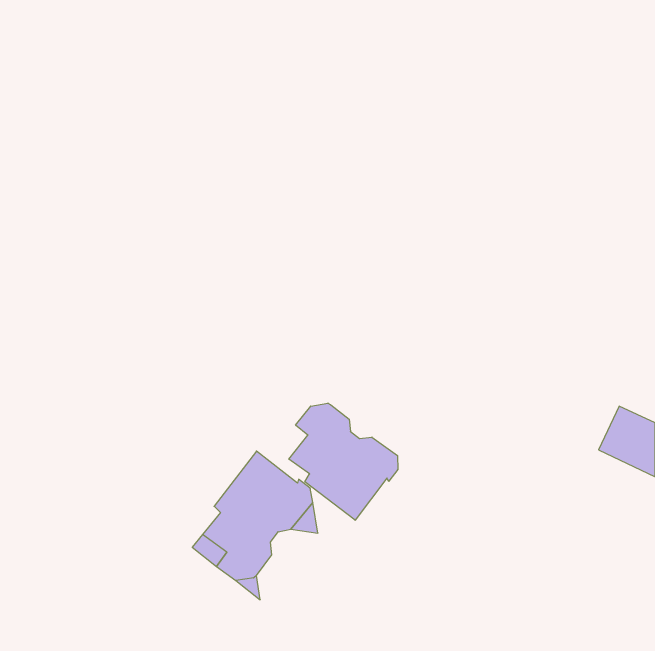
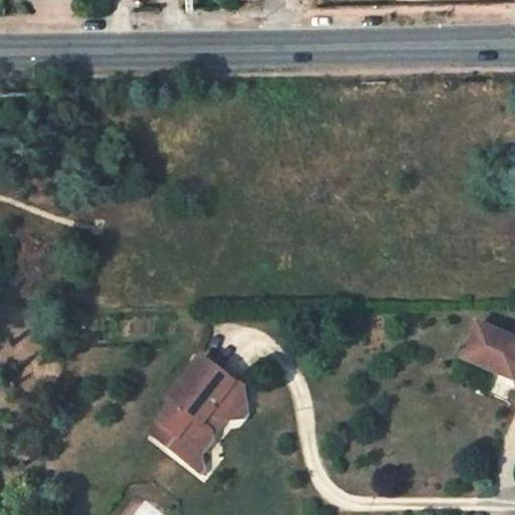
building: [289,403,398,520] -> none

